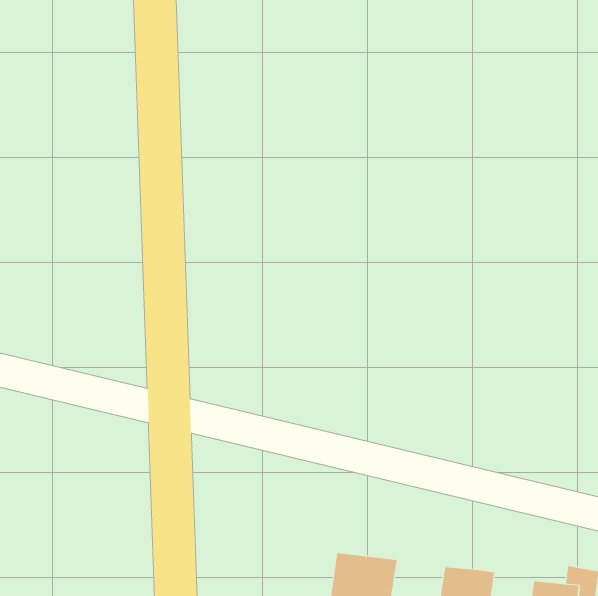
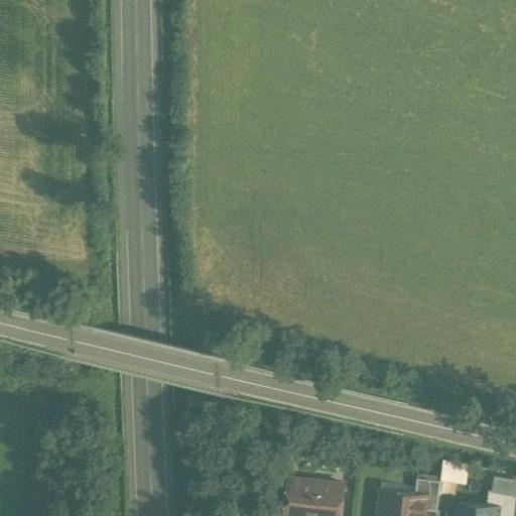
building: none -> [415,478,440,510]

